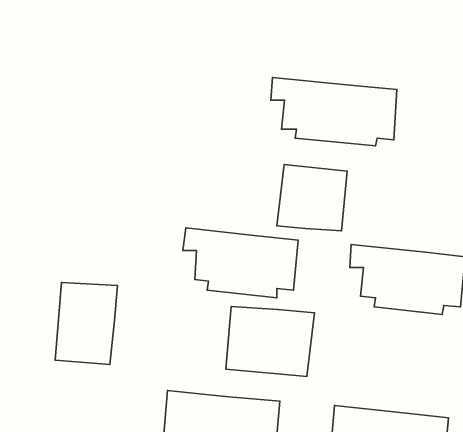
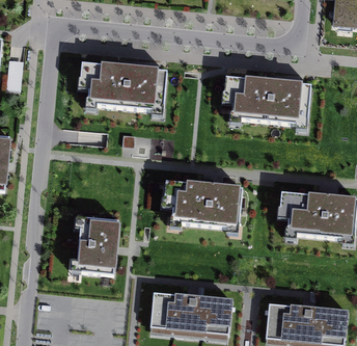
building: none -> [81,64,167,111]
building: [277,164,347,231] -> none
building: [226,307,314,377] -> none

